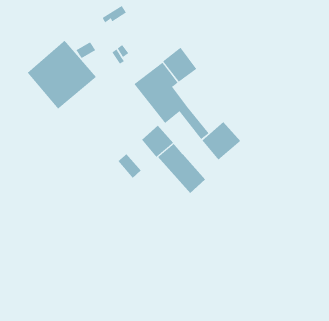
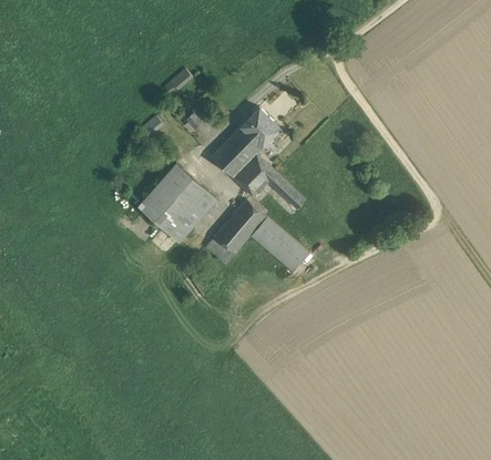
building: [27,40,97,110] -> [137,162,217,242]
building: [202,121,241,160] -> none
building: none -> [214,218,248,253]

